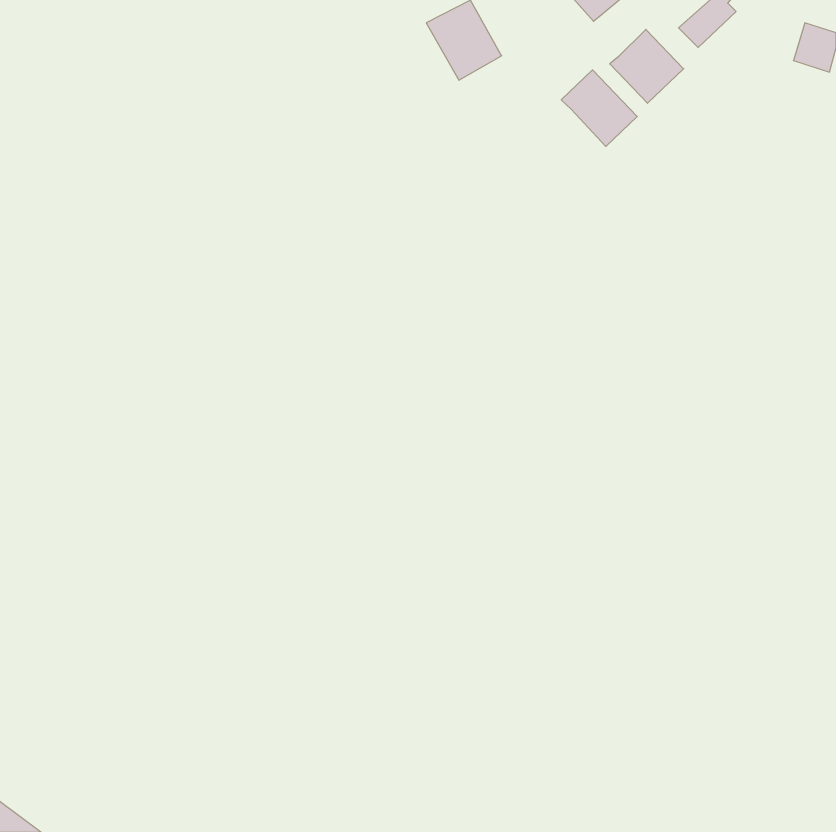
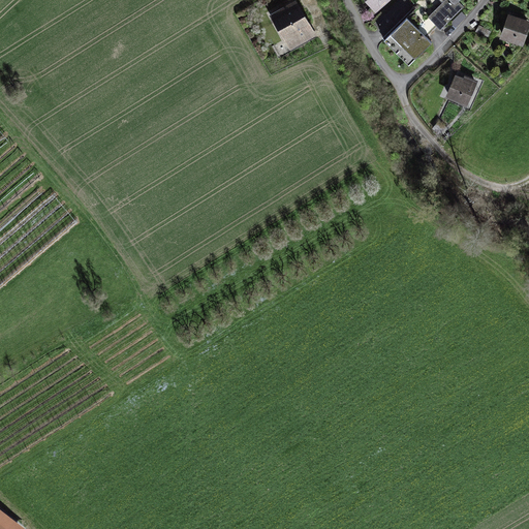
building: [561,70,637,146] -> none
building: none -> [445,73,478,106]

